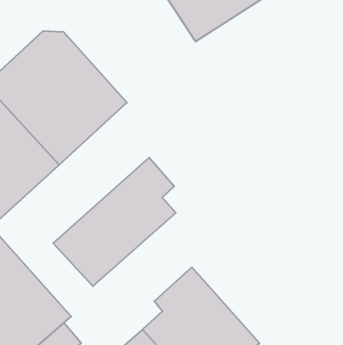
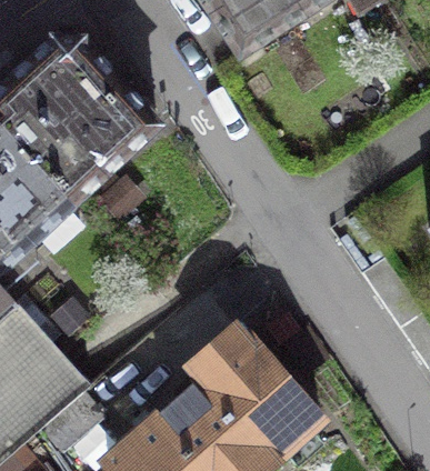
building: [53,158,176,286] -> none

